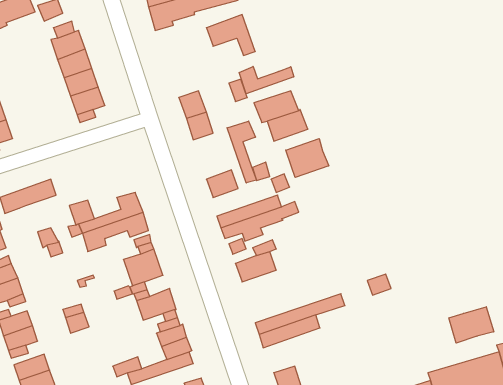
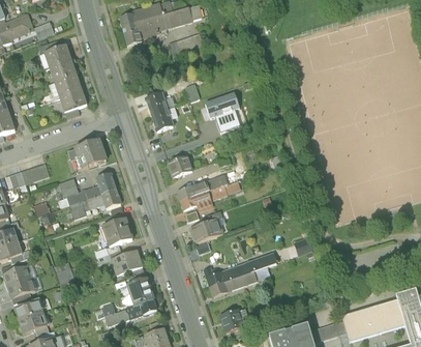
building: [239,66,294,94] -> none
building: [227,121,256,183] -> none
building: [286,139,329,177] -> none
building: none -> [67,140,107,168]
building: [449,307,494,343] -> none

